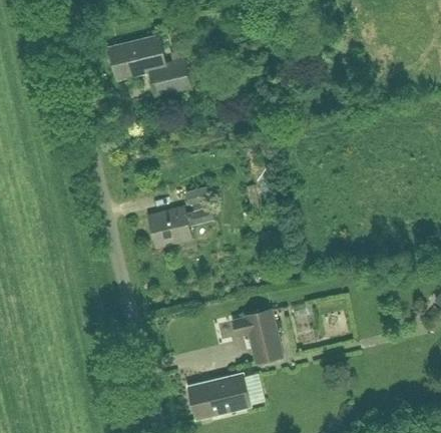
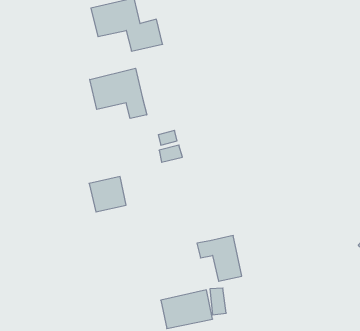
building: none -> [90,68,147,118]
building: [146,206,189,248] -> [89,177,126,212]

